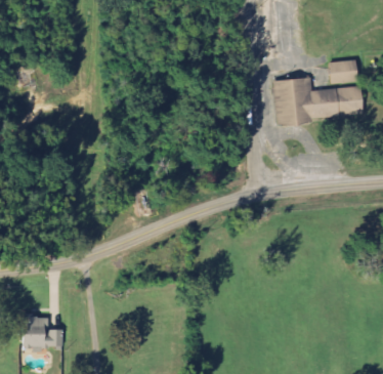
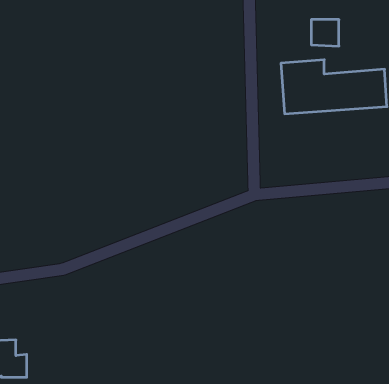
building: [330,59,353,82] -> [311,20,339,46]

